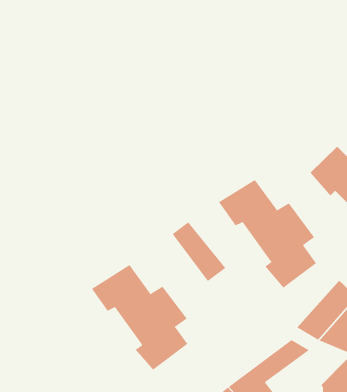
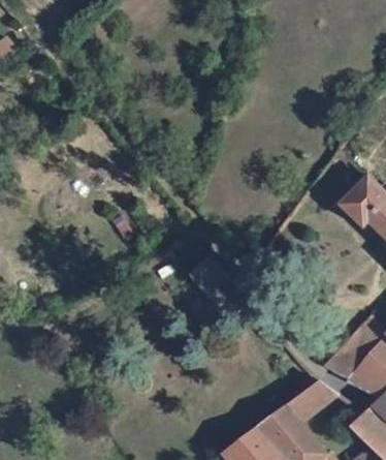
building: [218,179,317,289] -> none
building: [91,264,188,371] -> none

